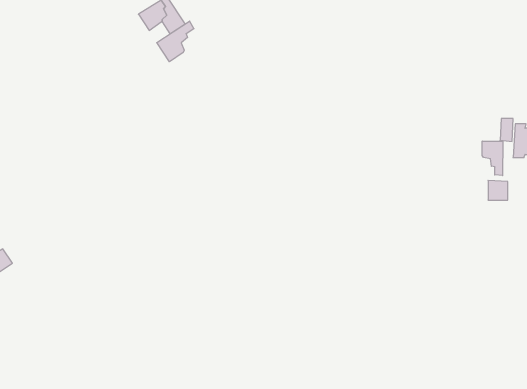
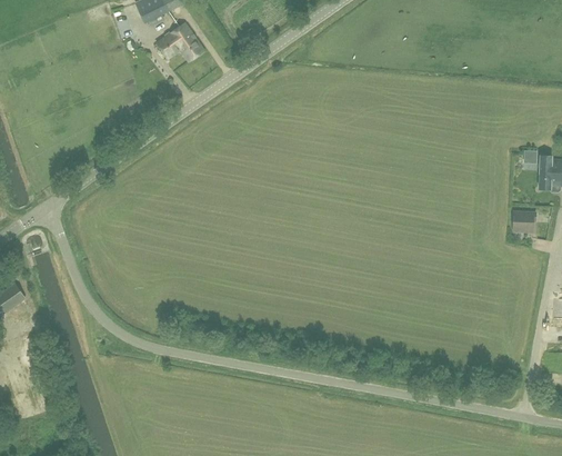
building: [157,21,194,62] -> none
building: [482,141,503,176] -> none

